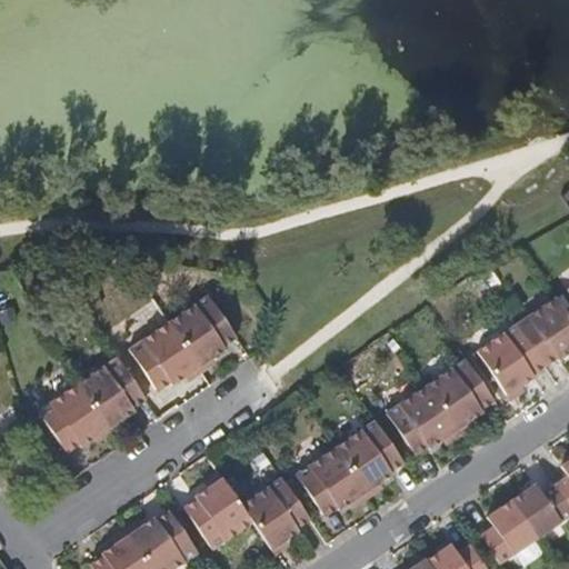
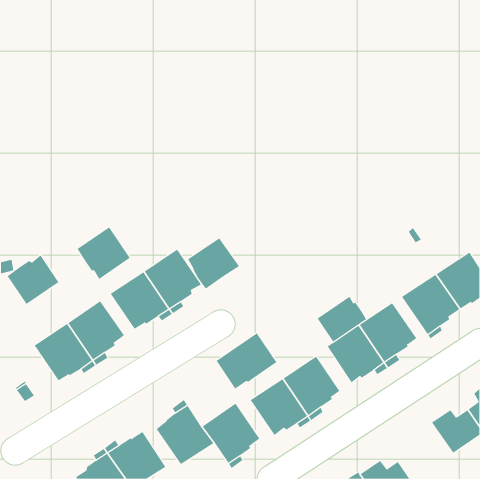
building: none -> [77,227,131,280]
building: none -> [187,238,240,290]
building: none -> [7,255,59,305]
building: none -> [317,296,367,342]
building: none -> [216,332,277,389]
building: [479,500,536,562] -> none

